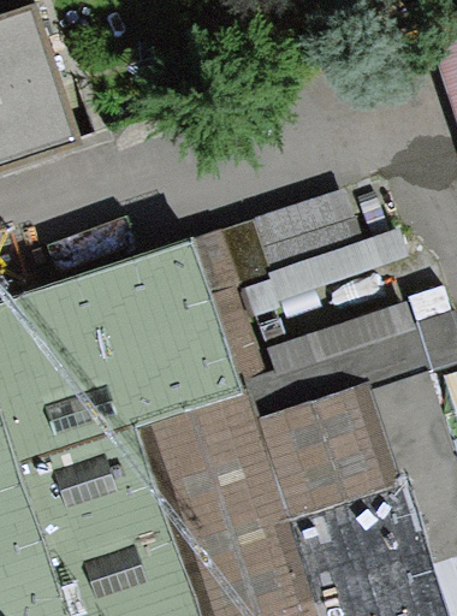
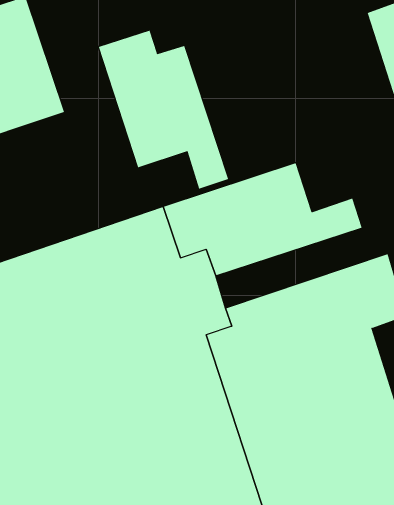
building: none -> [98,30,229,189]

